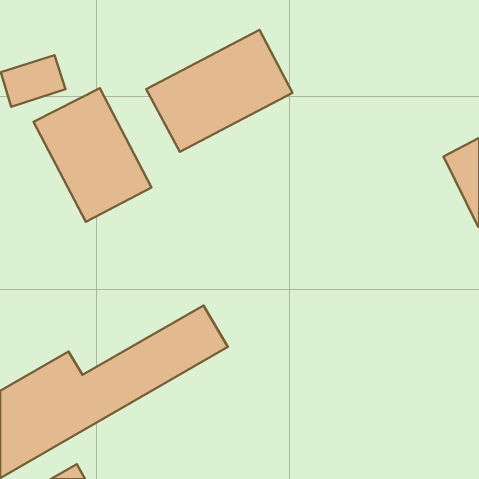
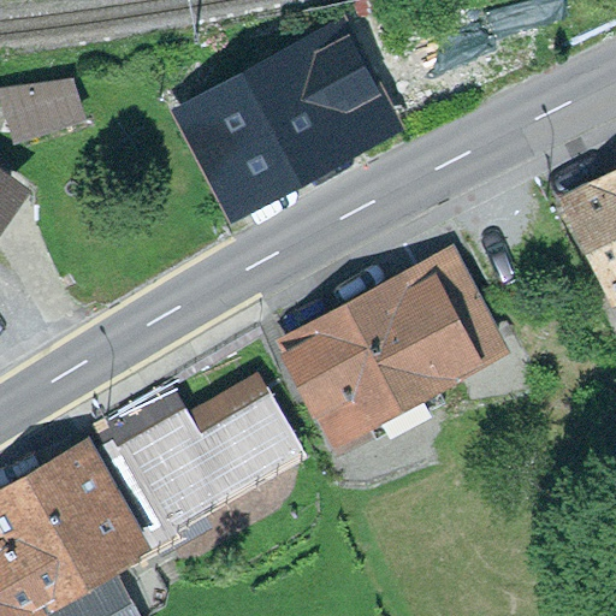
building: [33,88,152,222] -> none
building: none -> [285,255,499,432]

